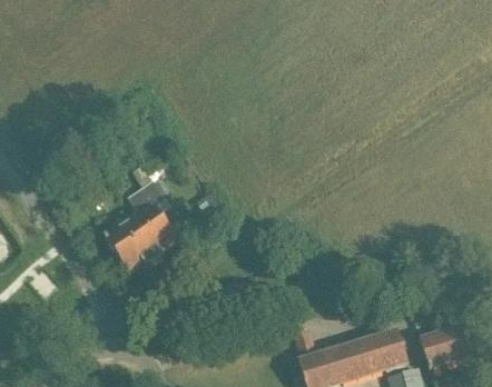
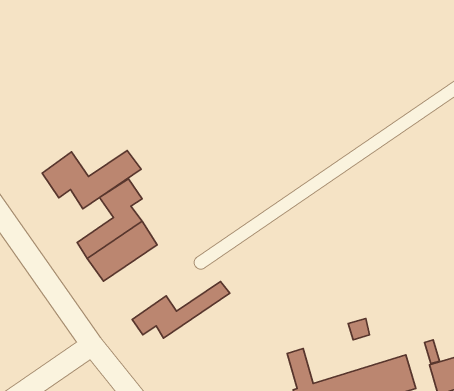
building: none -> [42,150,141,209]
building: none -> [132,281,230,338]

